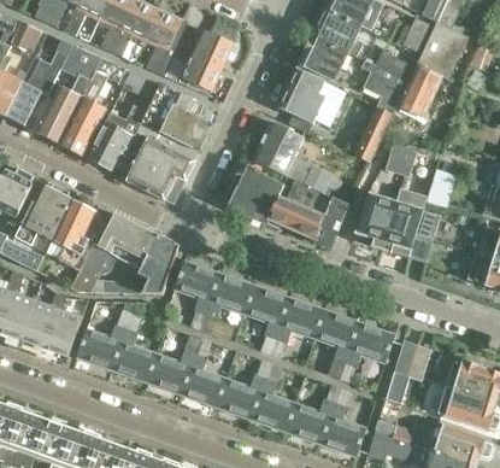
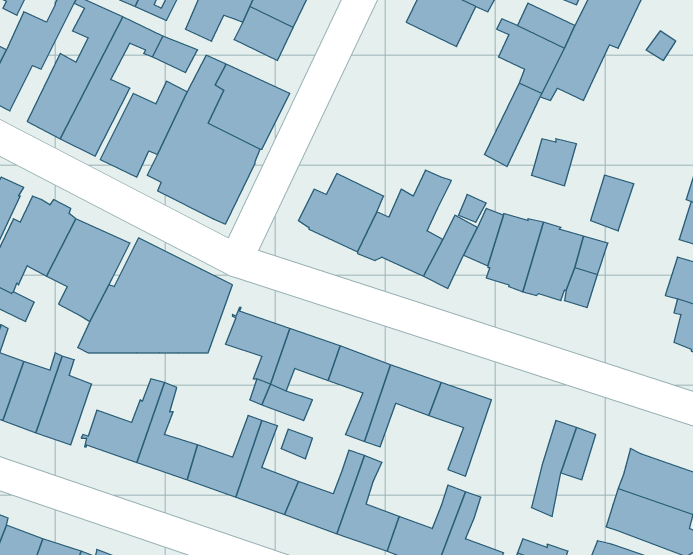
building: [278,68,325,123] -> none
building: [253,121,312,183] -> none
building: [340,324,396,381] -> none

